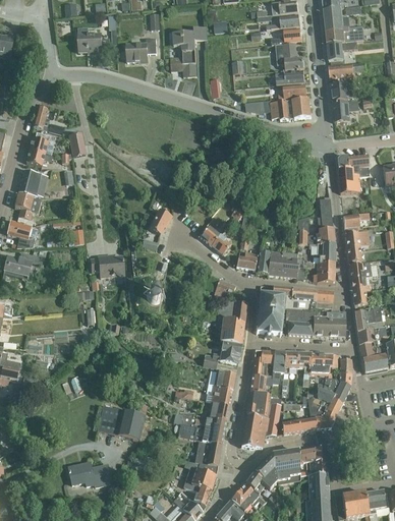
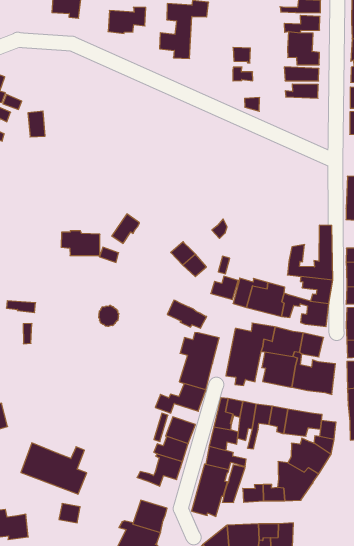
building: [271,98,312,119] -> none
building: [90,255,123,277] -> [61,231,100,256]
building: [173,413,226,446] -> none

